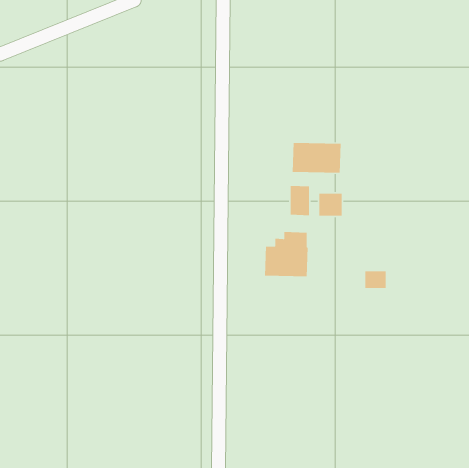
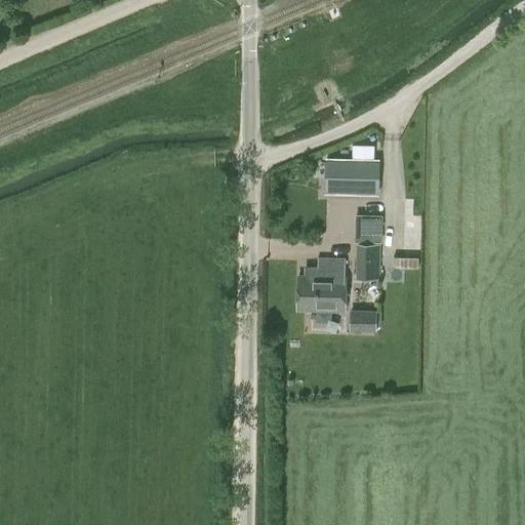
building: [290,185,310,216] -> [357,244,379,279]
building: [365,270,387,289] -> [351,311,375,331]

